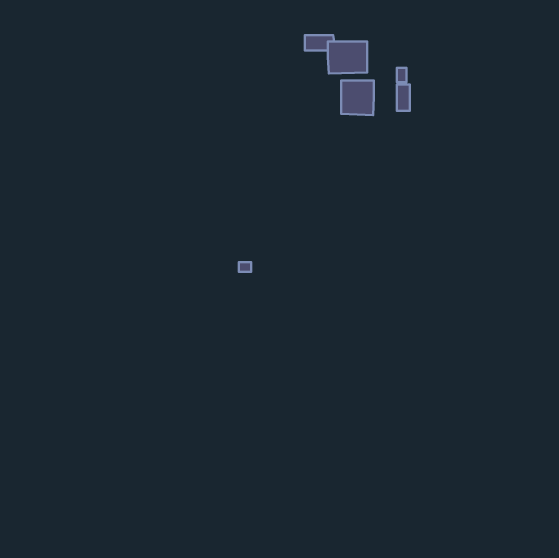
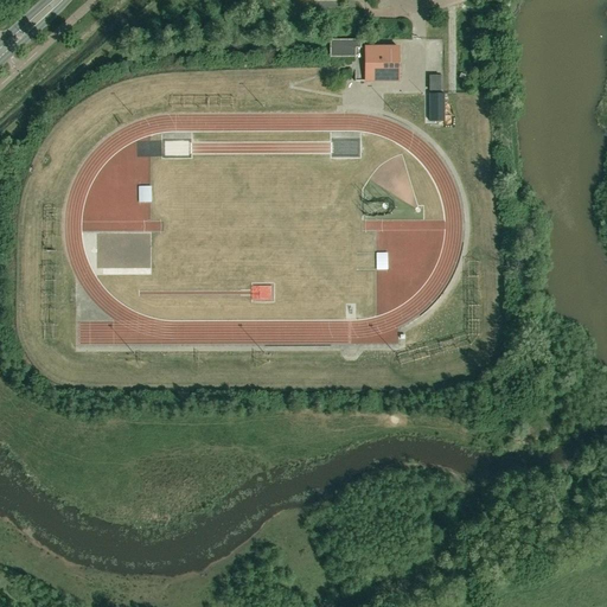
building: [341,80,374,115] -> none

